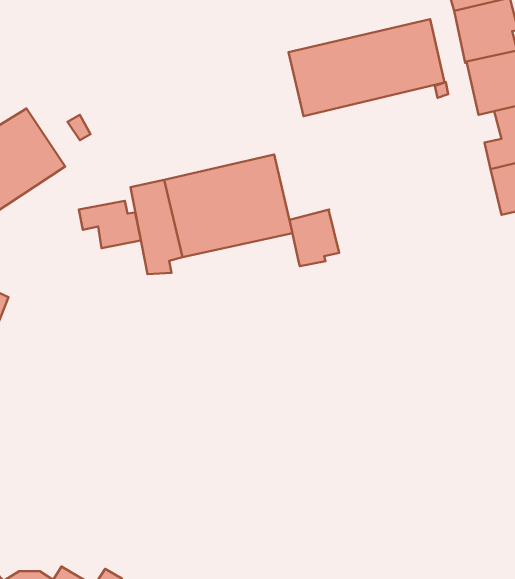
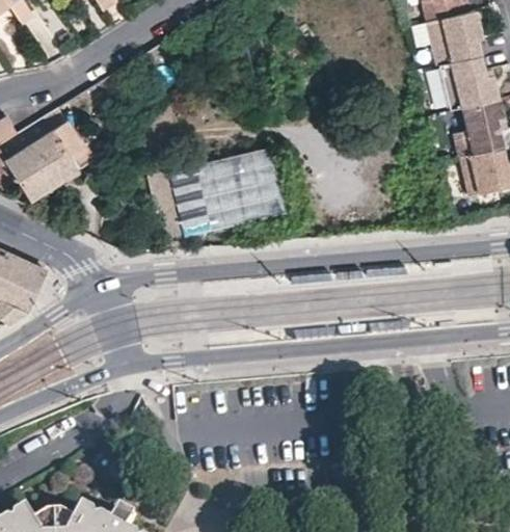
building: [289,19,445,116] -> none
building: [79,201,141,248] -> none
building: [289,209,339,266] -> none

